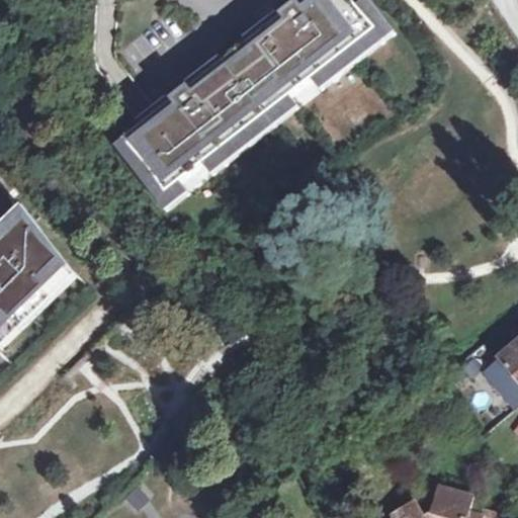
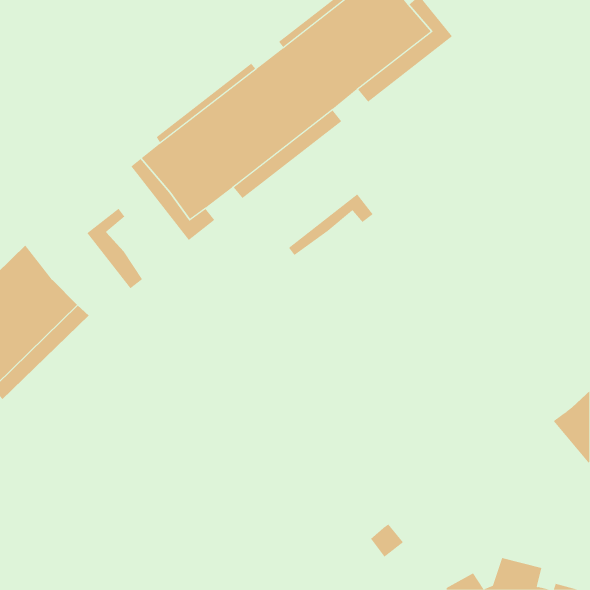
building: none -> [288,194,374,256]
building: none -> [87,208,143,289]

